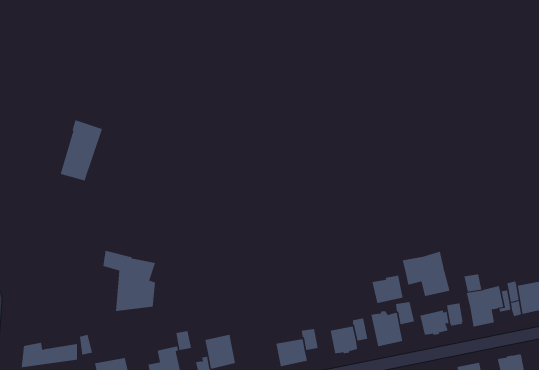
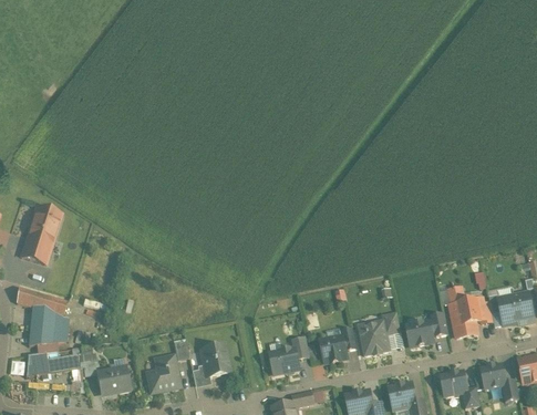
building: [60,120,103,181] -> [21,205,62,263]
building: [102,250,156,312] -> [17,287,68,345]
building: [402,251,450,297] -> none
building: [372,275,403,304] -> none

